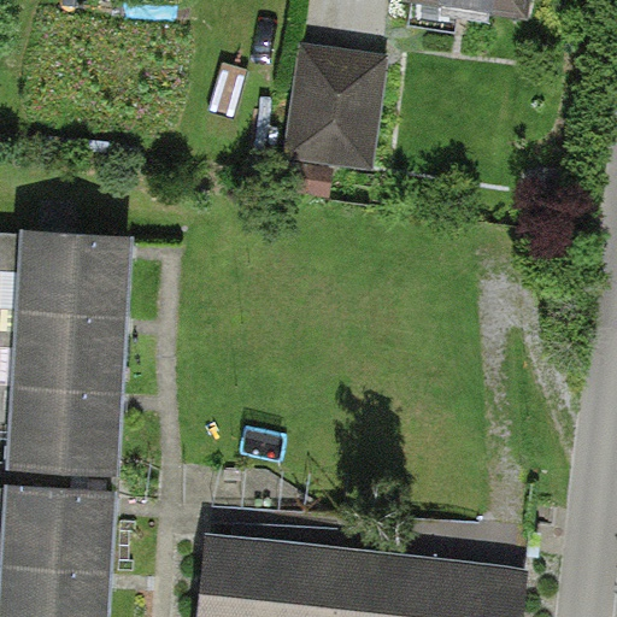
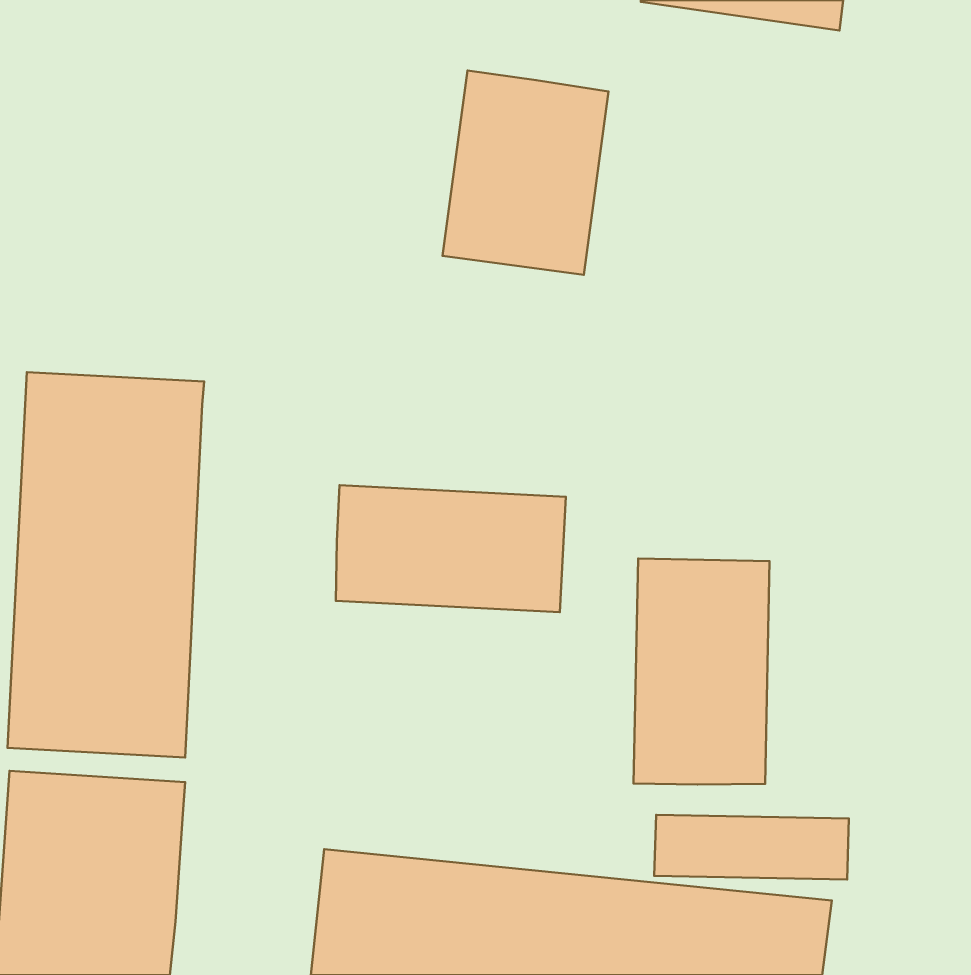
building: none -> [336,485,566,612]
building: none -> [633,559,769,785]

